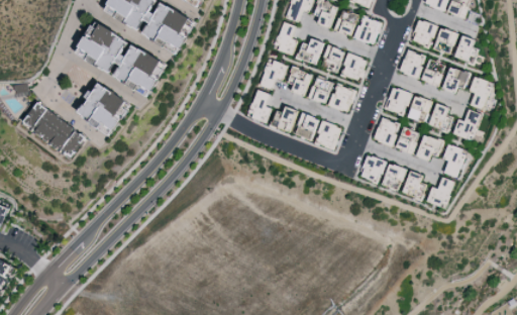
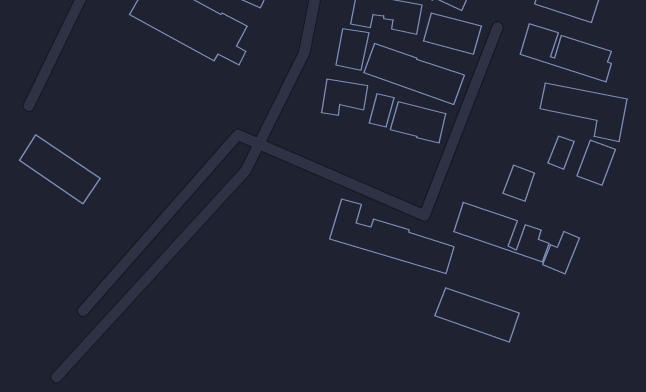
building: [73,28,172,94] -> none
building: [394,50,423,79] -> none
building: [74,87,135,133] -> none
building: [381,88,410,115] -> none
building: [244,90,339,146] -> [330,199,454,273]
building: [410,96,432,124] -> none
building: [371,118,400,146] -> none
building: [418,136,467,179] -> none
building: none -> [435,288,519,342]

